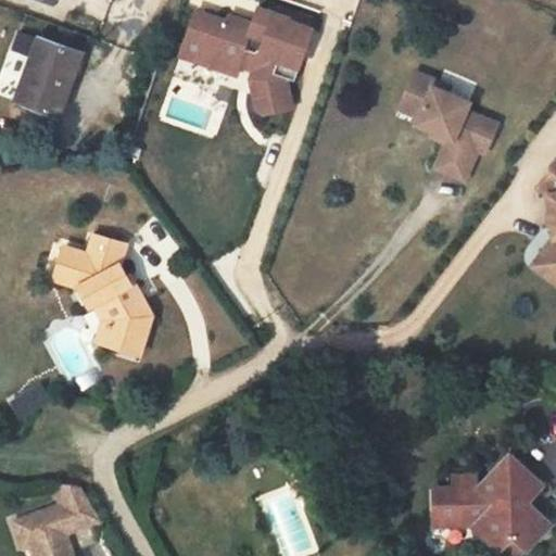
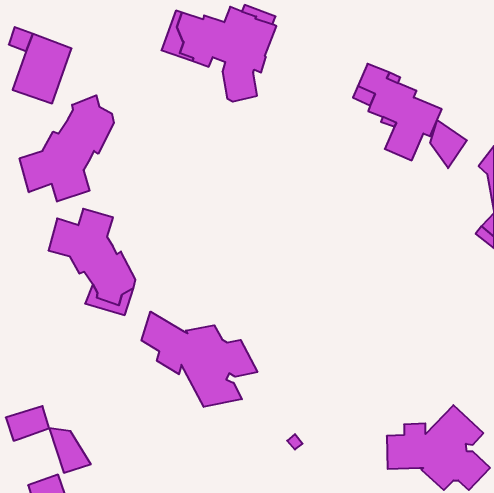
building: none -> [20,95,114,202]
building: none -> [430,120,467,168]
building: none -> [141,312,257,407]
building: [16,509,65,548] -> [6,406,49,441]

